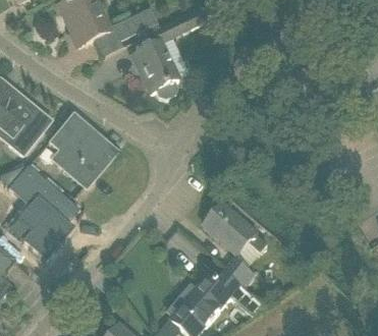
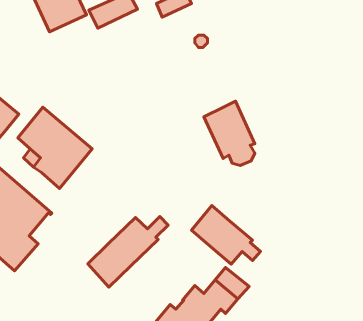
building: [132,41,178,99] -> [204,101,255,165]
building: none -> [88,217,168,287]

